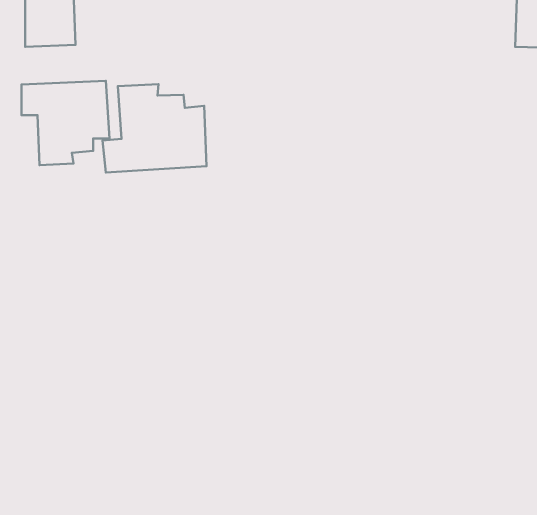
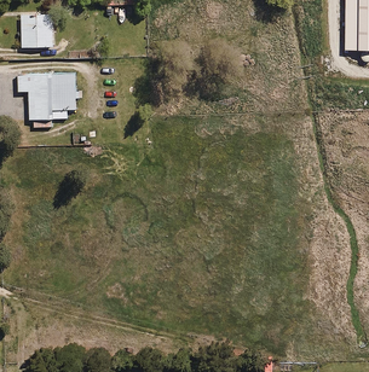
building: [102,84,207,172] -> none

